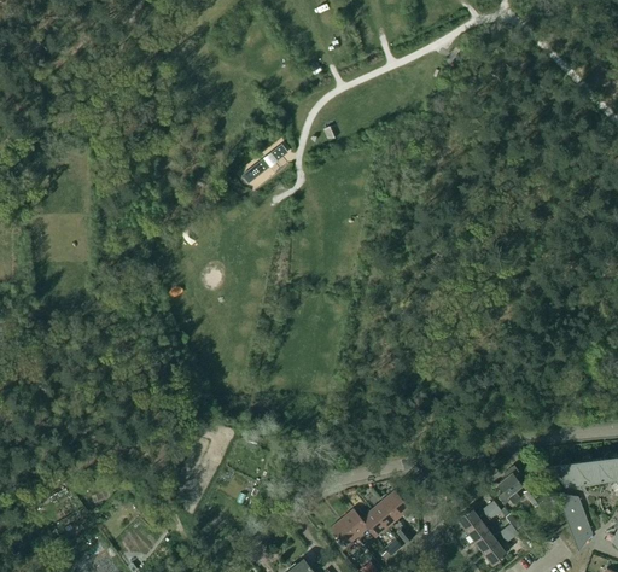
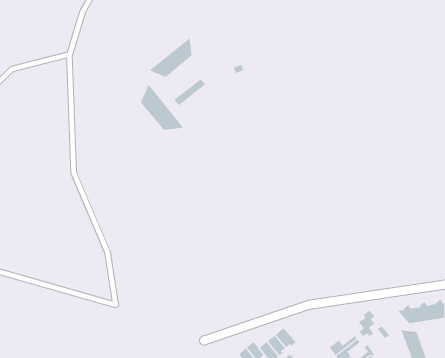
building: none -> [149,37,192,78]
building: none -> [140,84,184,131]

